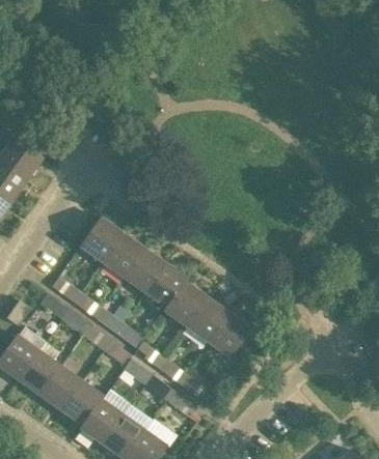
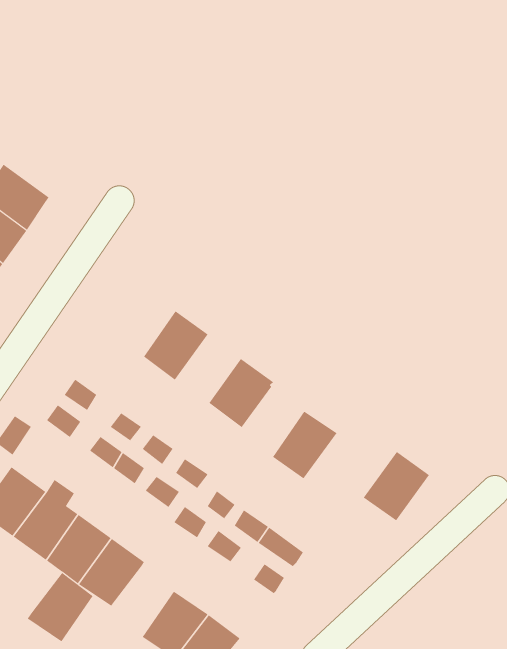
building: [80,217,124,262] -> none
building: [124,248,166,292] -> none
building: [164,282,208,327] -> none
building: [208,312,251,357] -> [363,451,430,521]
building: [79,399,123,444] -> [27,572,94,642]

